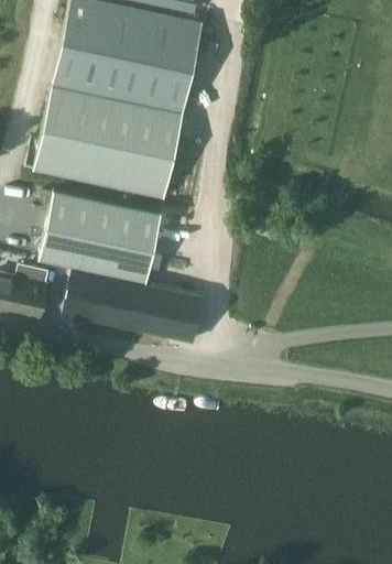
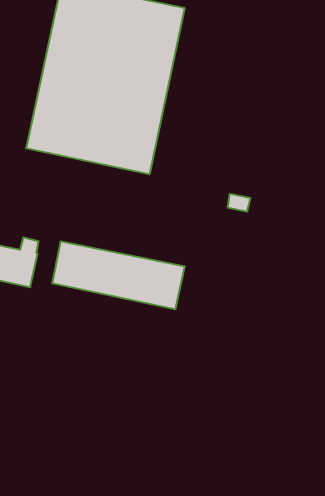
building: [40,189,163,283] -> none

